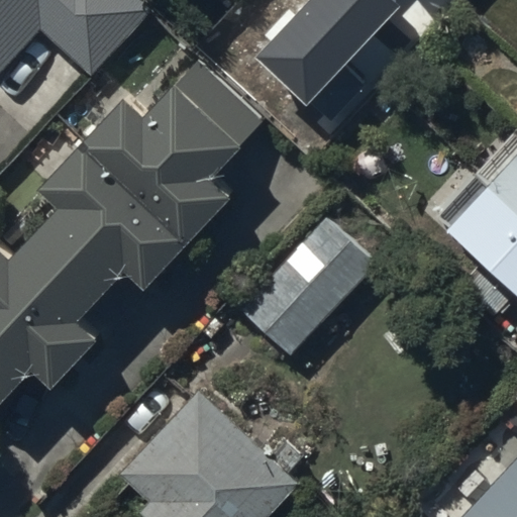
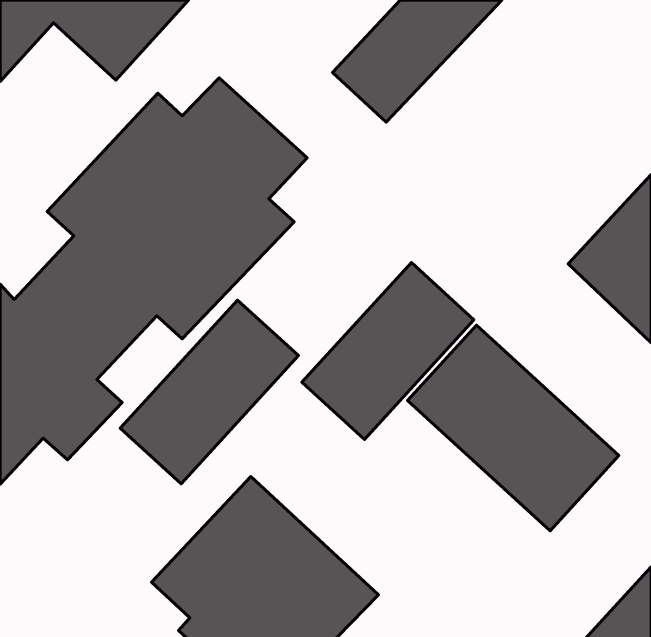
building: none -> [120,300,298,484]
building: none -> [408,325,619,531]

